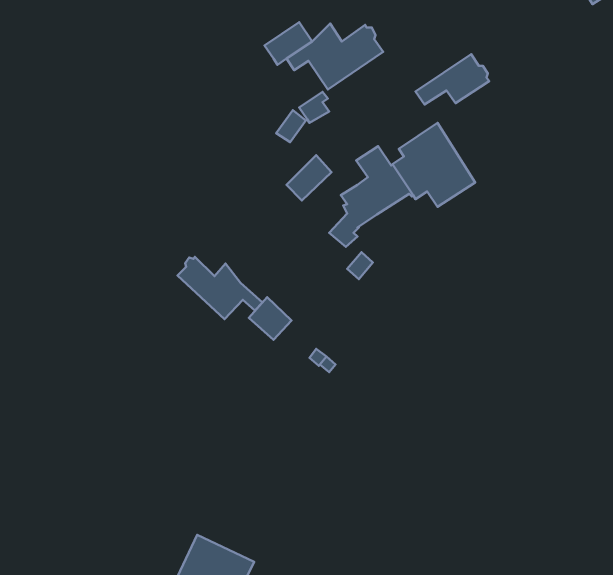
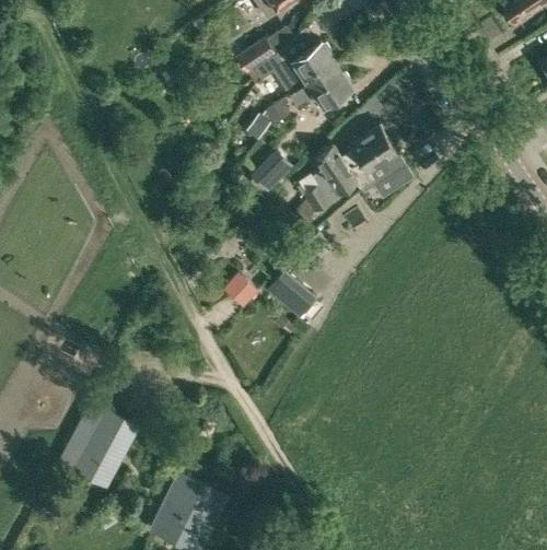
building: [416,54,489,105] -> [289,65,351,107]
building: [178,257,262,319] -> none
building: none -> [265,268,316,317]
building: none -> [57,399,140,488]

